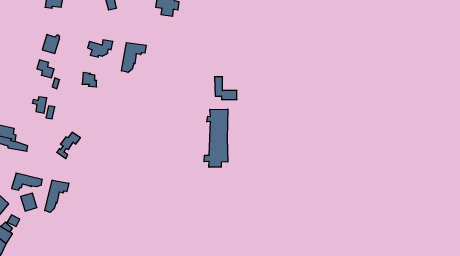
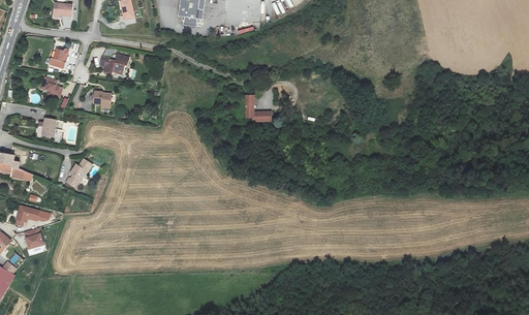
building: [121,43,146,73] -> none
building: [204,109,228,167] -> none
building: [45,180,69,212] -> none

